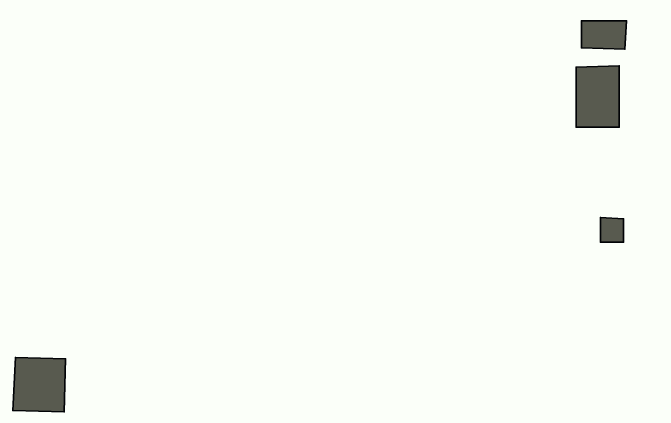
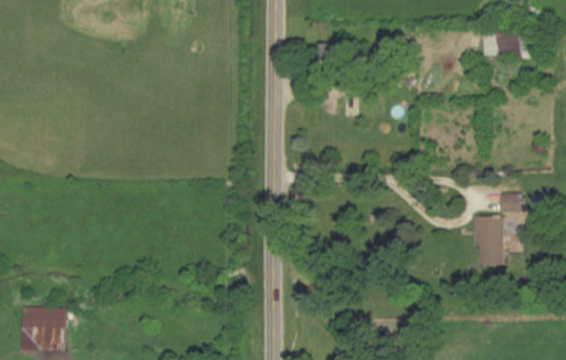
building: [576,66,619,127] -> none
building: none -> [473,216,503,263]

